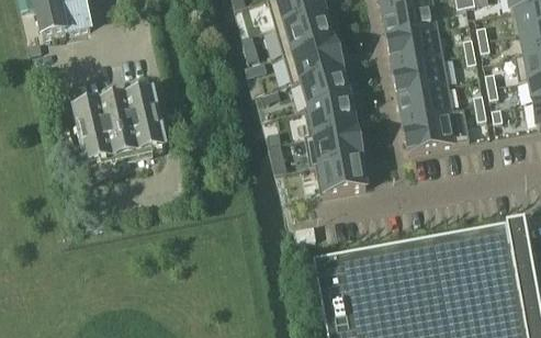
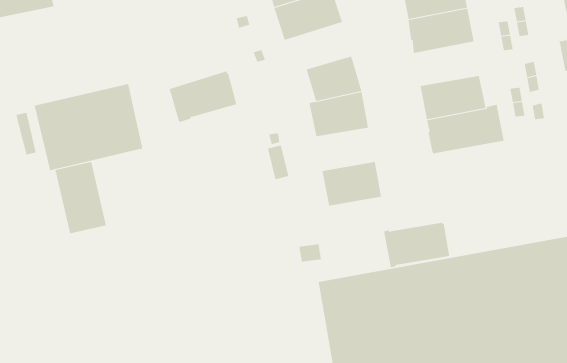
building: [283,37,340,81] -> [169,70,237,123]
building: [392,54,448,91] -> none
building: [304,126,360,165] -> [383,222,450,268]
building: none -> [55,161,107,234]

